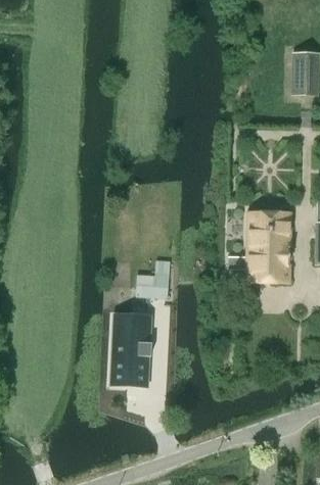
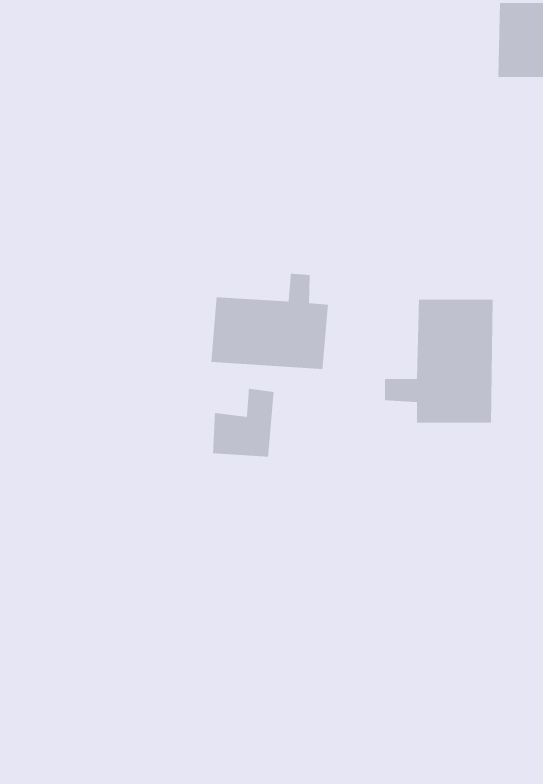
building: none -> [210,273,329,370]
building: [111,317,150,384] -> none

